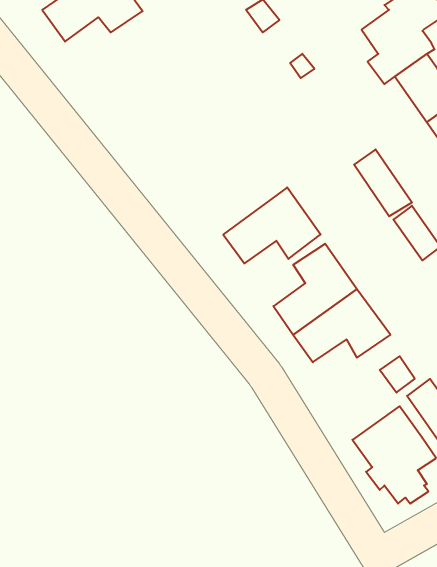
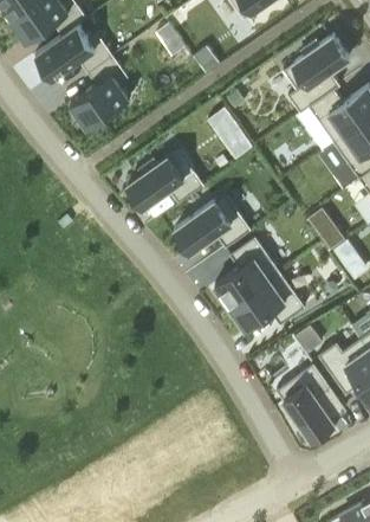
building: none -> [71,58,130,130]
building: none -> [128,159,205,210]
building: [354,149,412,216] -> [210,108,255,160]

